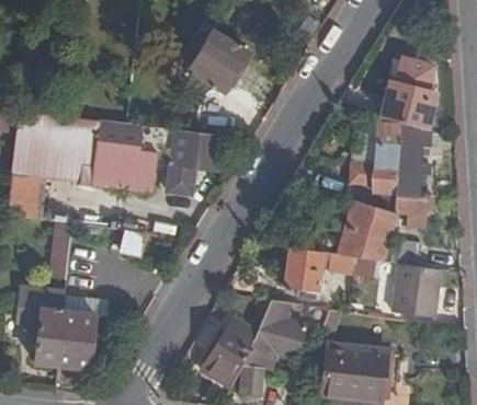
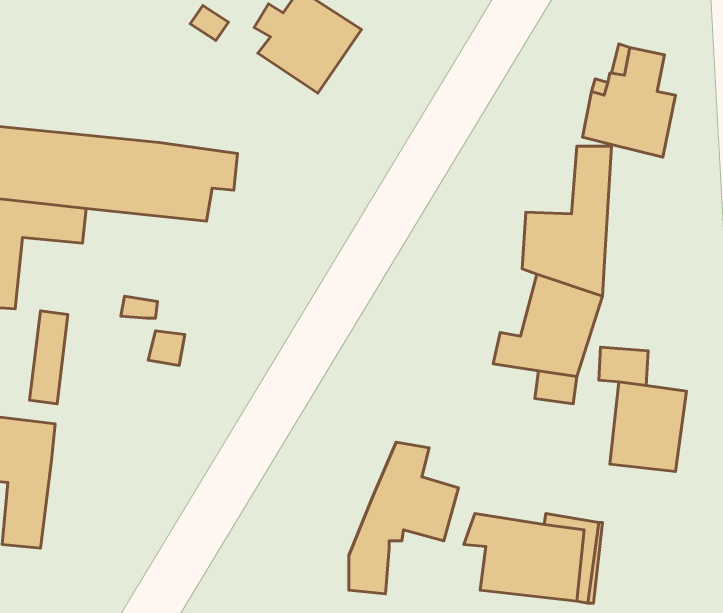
building: [394,123,432,230] -> none
building: [167,128,224,192] -> none
building: [81,161,156,190] -> none
building: [283,248,323,293] -> none
building: [56,312,95,368] -> none
building: [201,320,255,392] -> none

